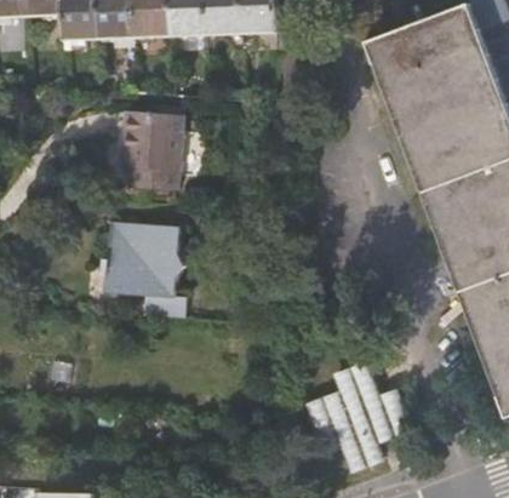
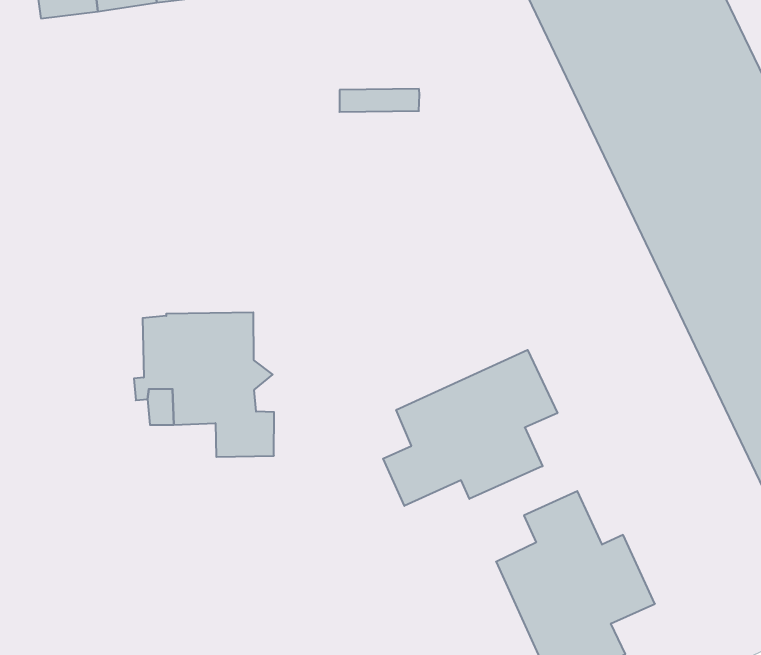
building: [125,107,184,190] -> none
building: none -> [383,350,557,506]

